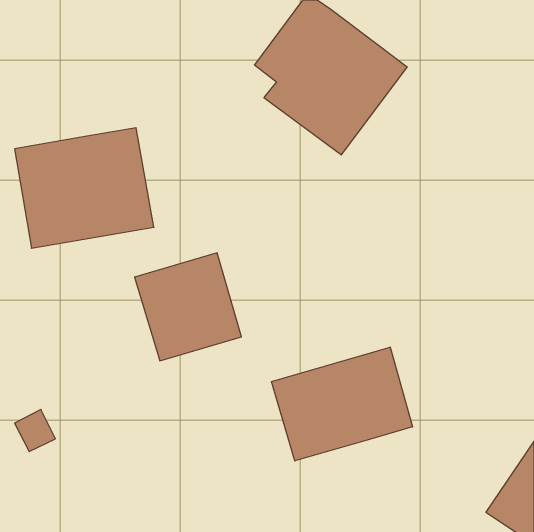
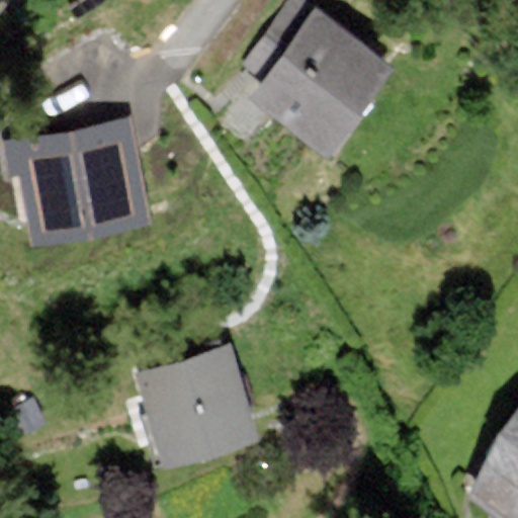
building: [135,253,241,361] -> [146,356,249,460]
building: [271,347,413,461] -> none

